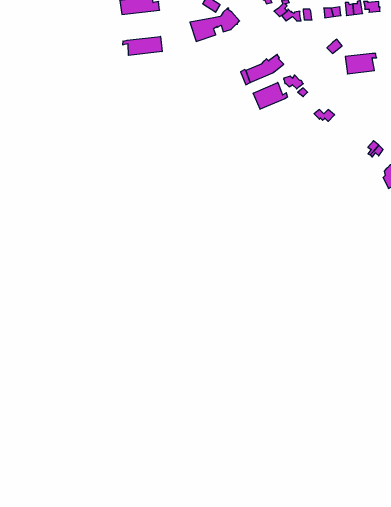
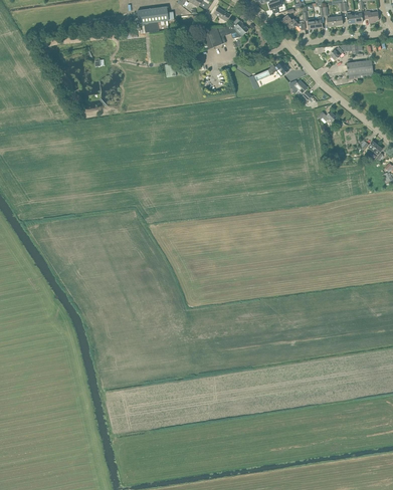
building: [123,36,162,55] -> none
building: [253,82,287,109] -> none

